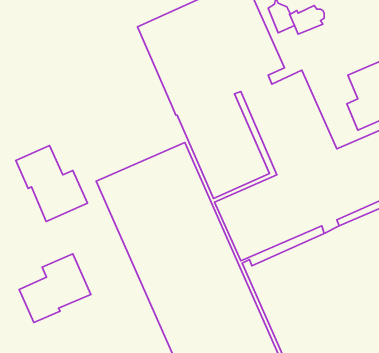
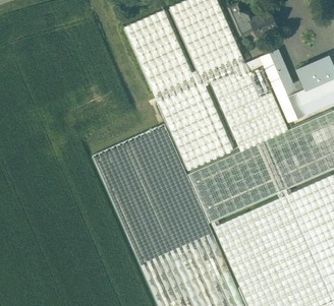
building: none -> [232,49,305,122]
building: [16,145,88,222] -> none
building: [19,254,91,323] -> none

